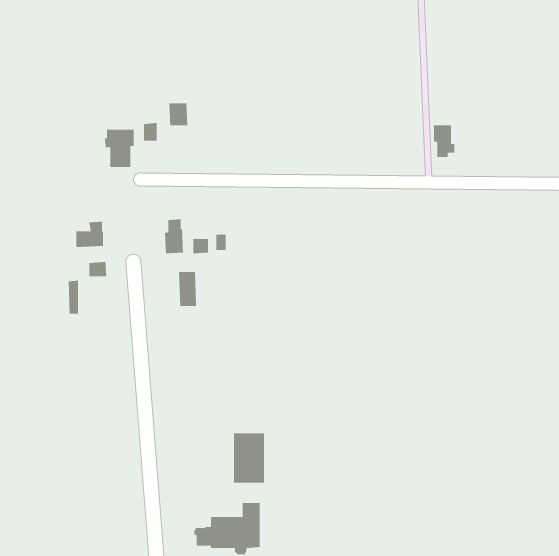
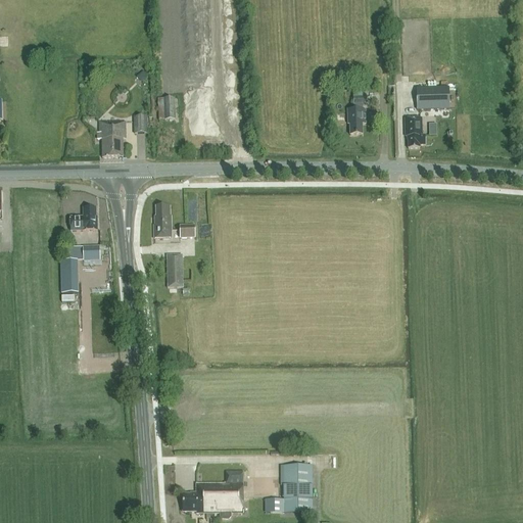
building: none -> [417,85,449,108]
building: none -> [347,86,366,133]
building: [233,433,265,483] -> [283,464,313,511]

